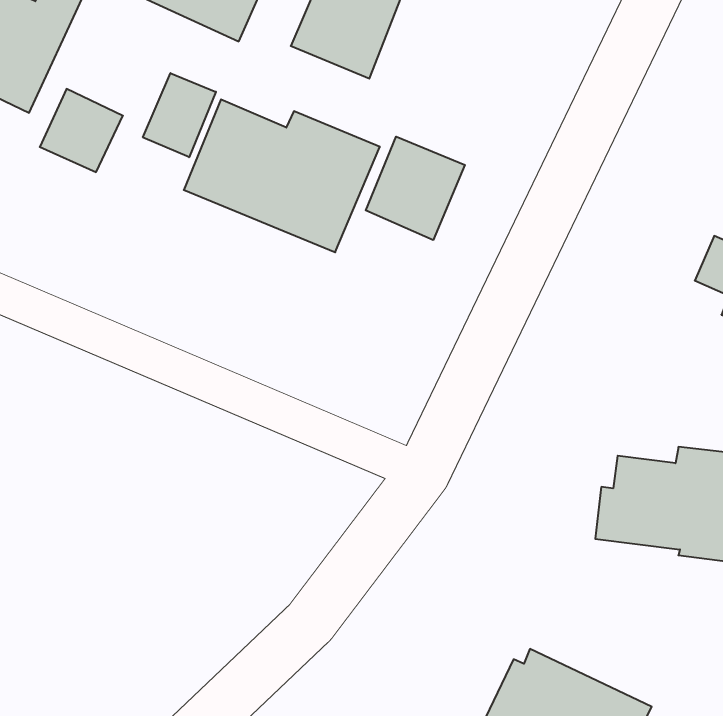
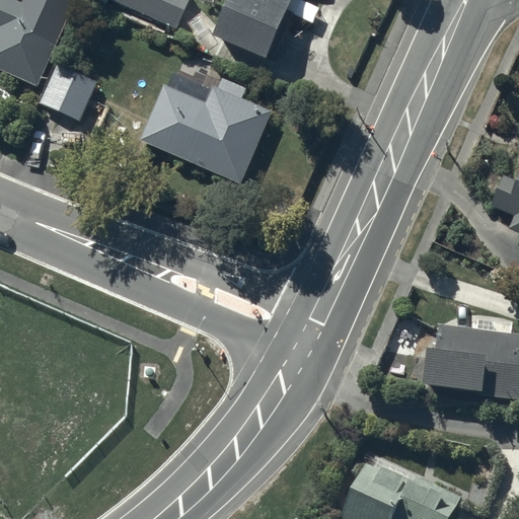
building: [143,73,216,157] -> none
building: [366,137,465,240] -> none

